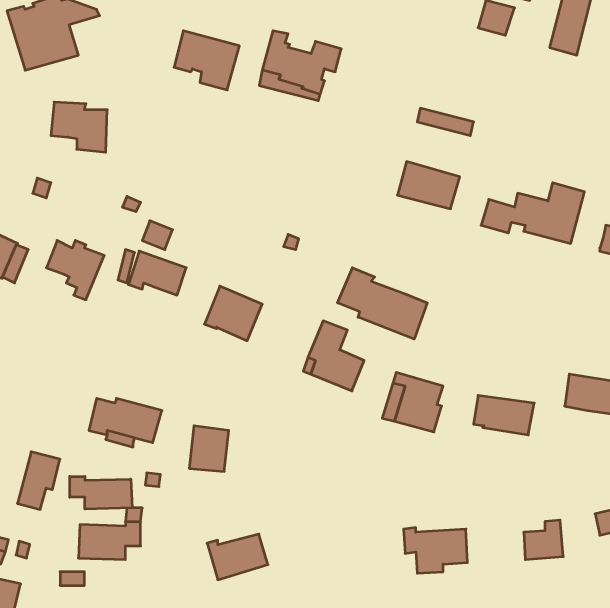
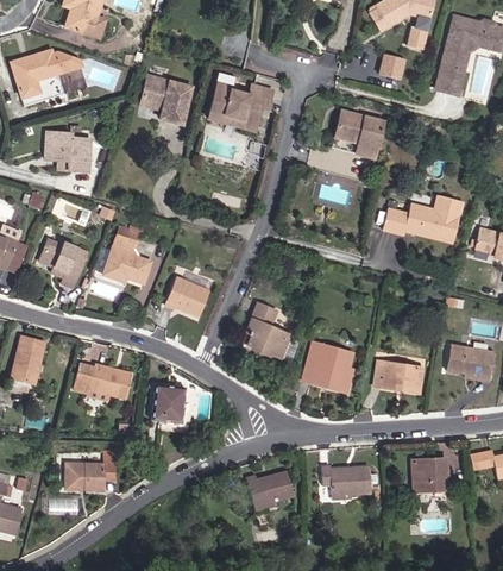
building: [397,162,460,209] -> [334,111,383,148]
building: [338,268,427,339] -> none
building: [17,452,60,509] -> [12,337,45,382]
building: [70,476,132,509] -> none
building: [207,534,268,580] -> [247,471,295,507]

